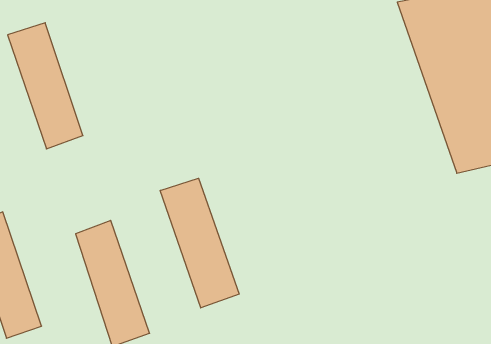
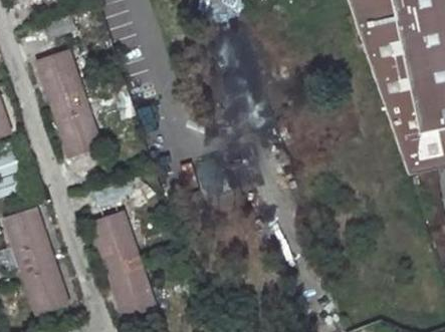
building: [160,178,239,308] -> none

